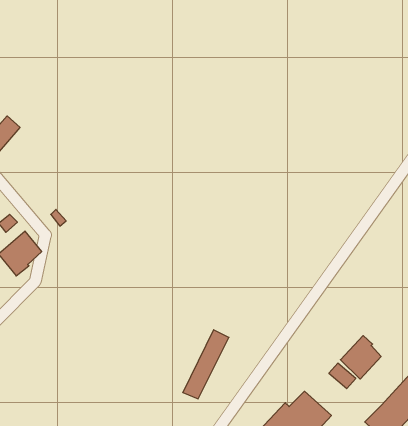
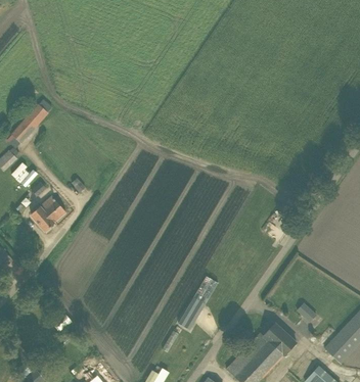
building: [340,336,381,379] -> none

